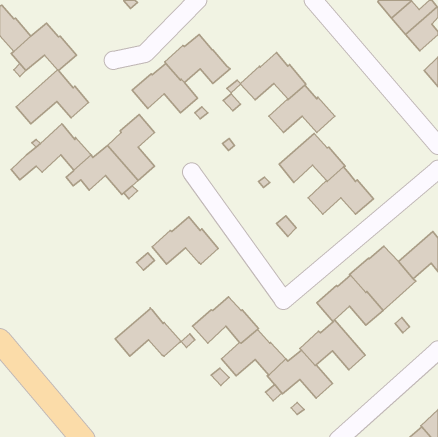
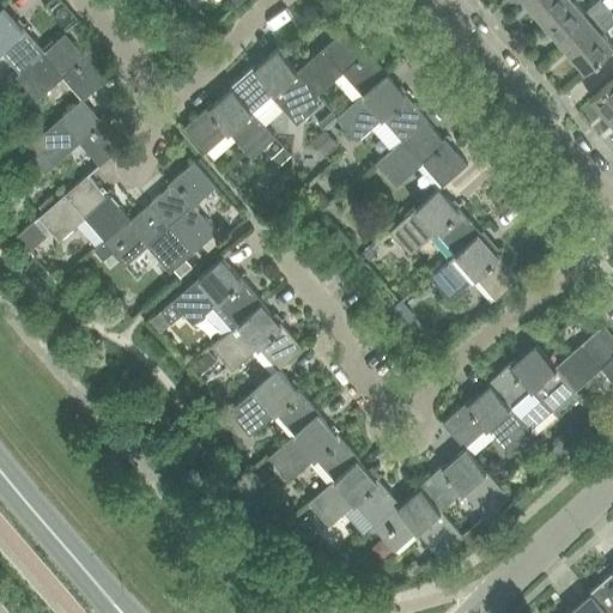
building: none -> [297,30,388,97]
building: none -> [158,259,265,327]
building: [115,308,181,356] -> [229,369,321,436]

